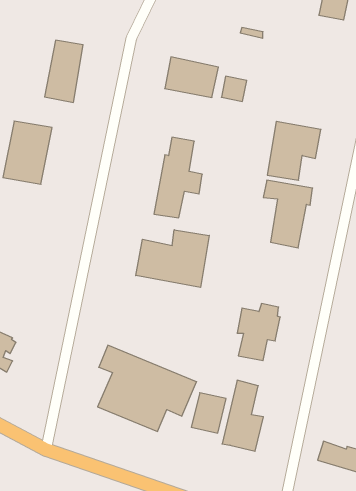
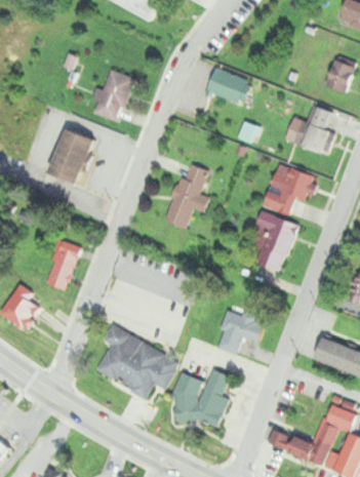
building: none -> [295,105,333,152]
building: [165,57,218,97] -> [208,67,254,105]
building: [136,230,209,287] -> none
building: none -> [46,238,80,290]

